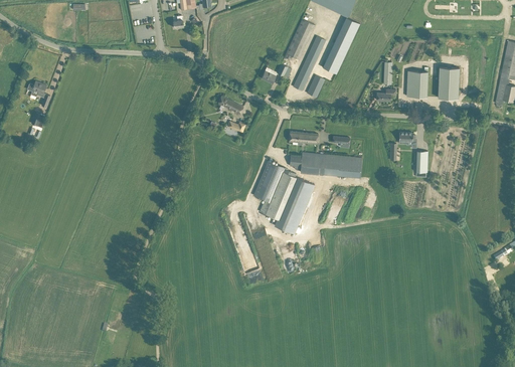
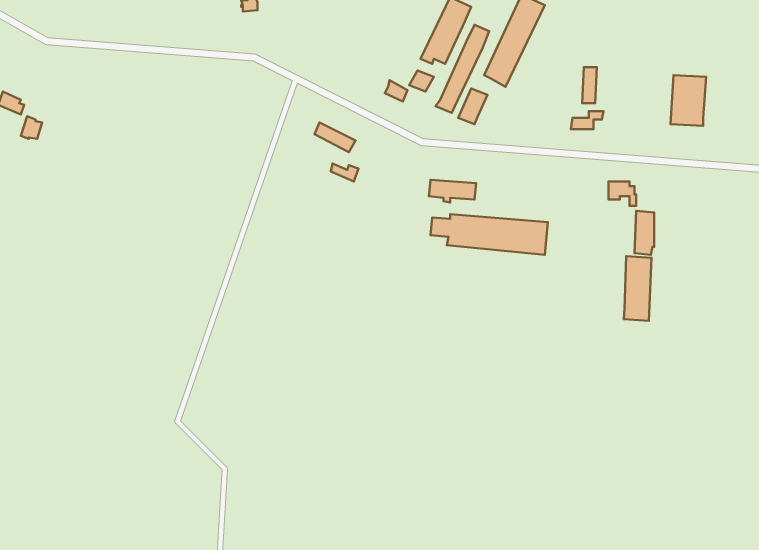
building: [406,67,428,98] -> none
building: [253,161,314,233] -> none
building: none -> [624,256,651,321]

